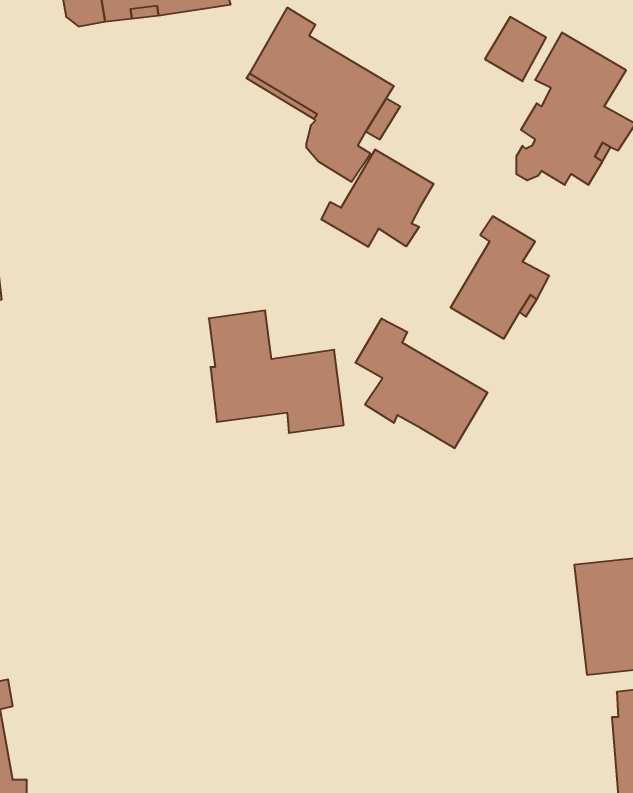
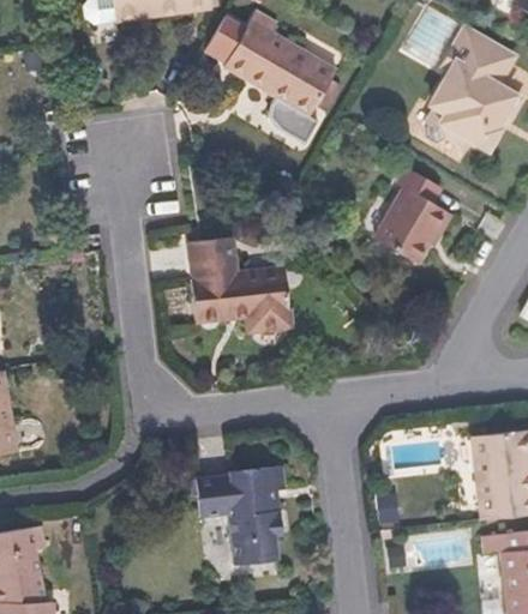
building: [321,149,434,247] -> none
building: [356,318,487,448] -> none
building: none -> [193,466,282,564]

